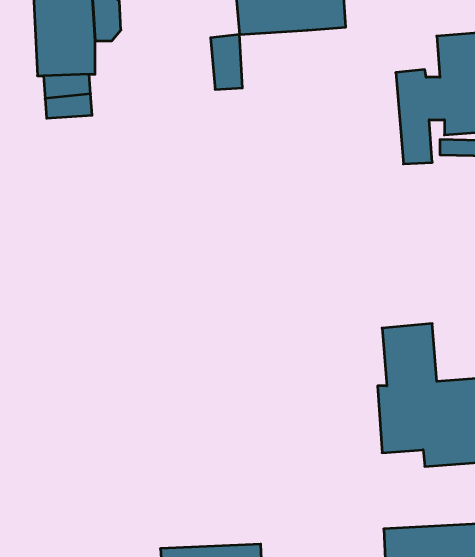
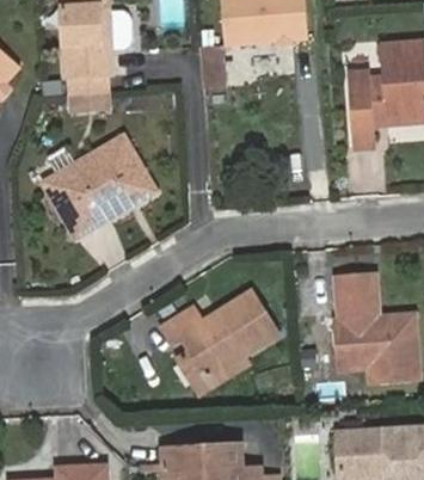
building: none -> [44,136,154,236]
building: none -> [161,290,278,379]

